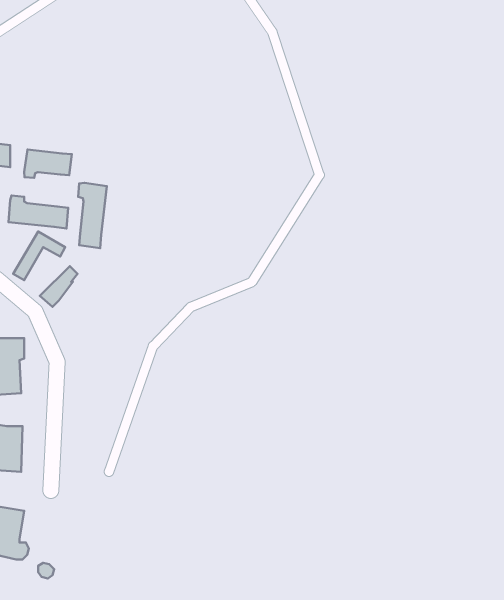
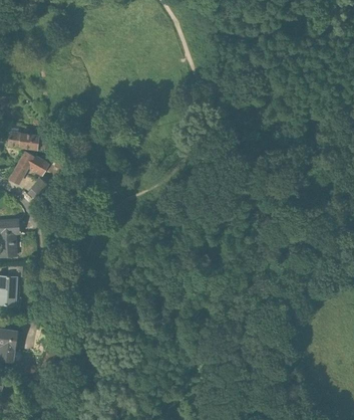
building: [24,149,72,178] -> none
building: [78,183,107,248] -> none

